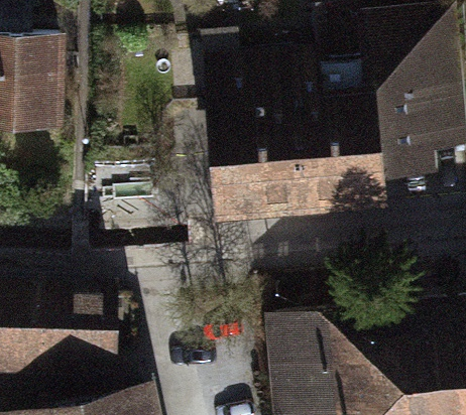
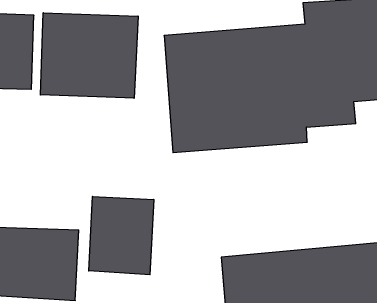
building: none -> [40,13,138,98]
building: none -> [89,196,154,275]

